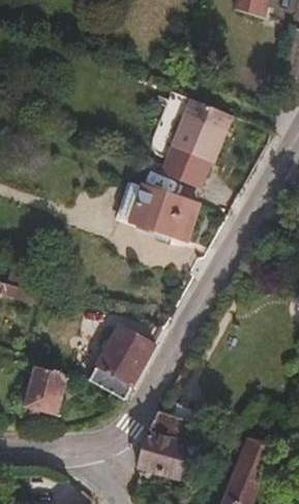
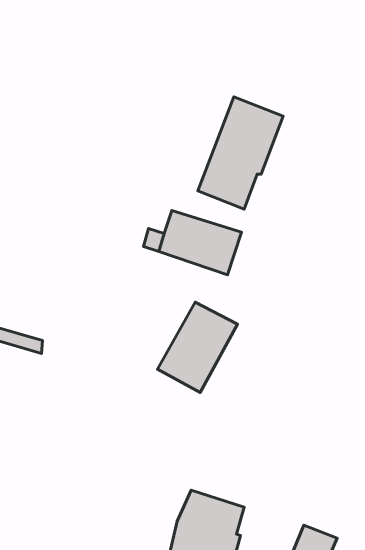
building: [89,327,153,400] -> [158,302,238,392]
building: [25,366,67,415] -> none

